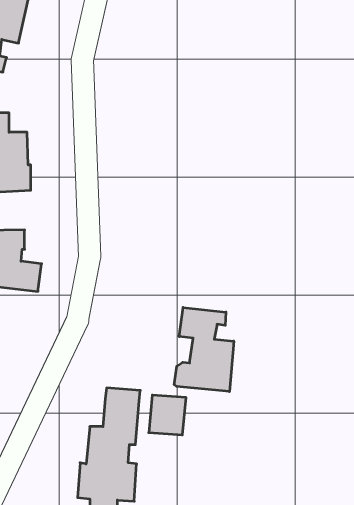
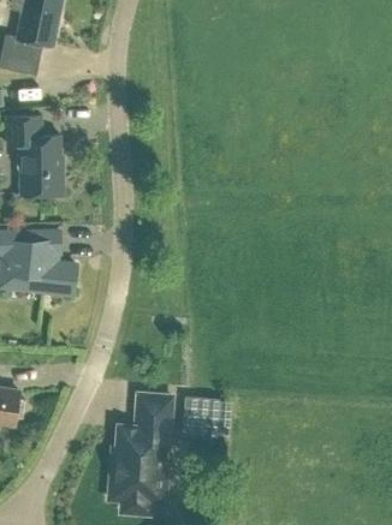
building: [174,307,234,392] -> none

